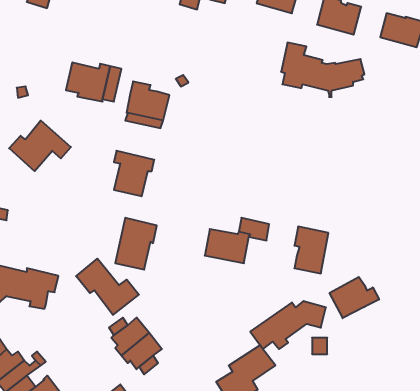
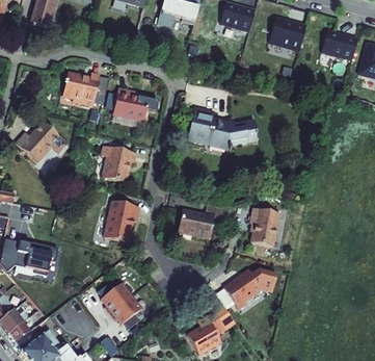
building: [281,43,364,97] -> [188,107,257,152]
building: [76,259,139,315] -> none
building: [330,277,379,318] -> none

